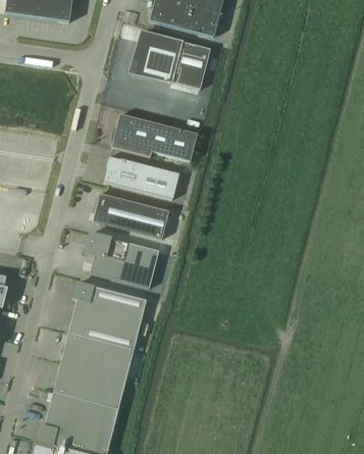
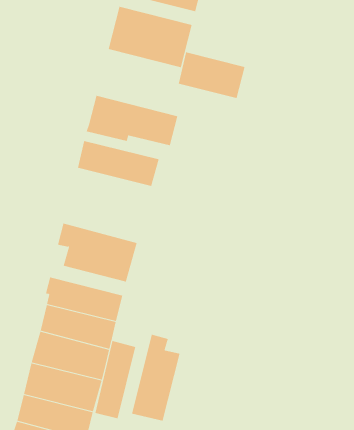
building: none -> [178,51,245,99]
building: [93,192,169,238] -> none
building: none -> [131,334,180,421]
building: none -> [95,340,136,419]

